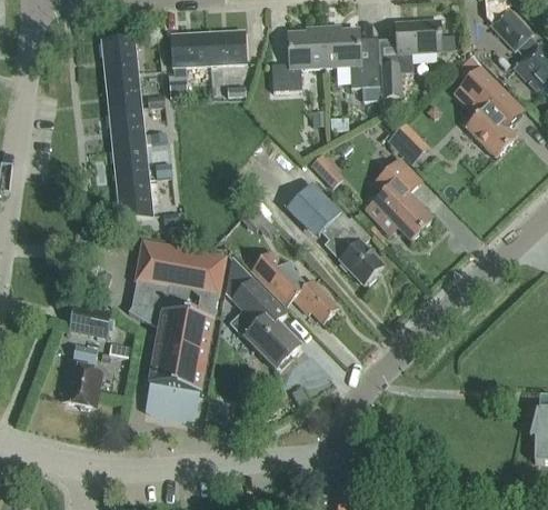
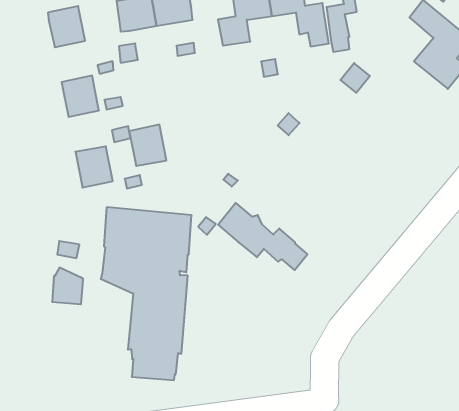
building: [106,71,140,110] -> none
building: [112,142,147,181] -> [129,125,166,166]
building: [367,158,431,238] -> none
building: [290,183,382,282] -> none
building: [230,277,299,368] -> none
building: [64,344,99,406] -> none

